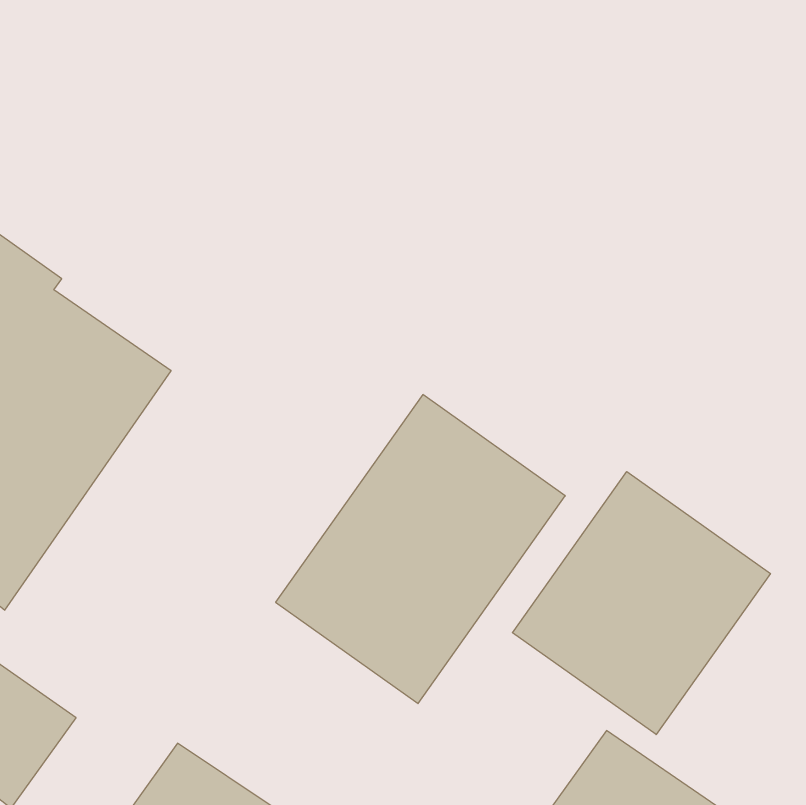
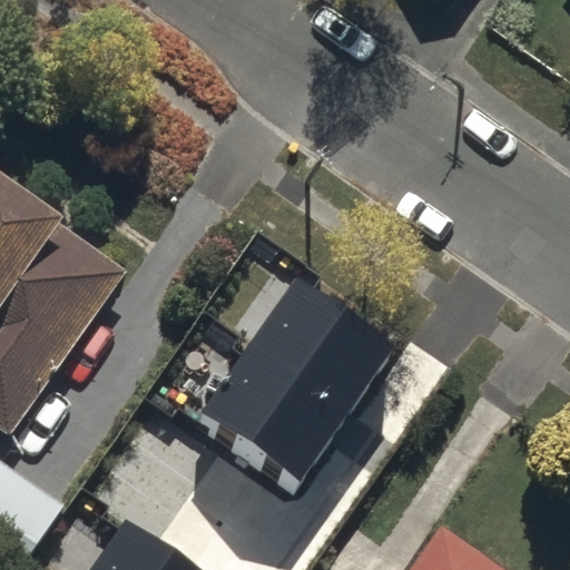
building: [512,472,770,735] -> none

